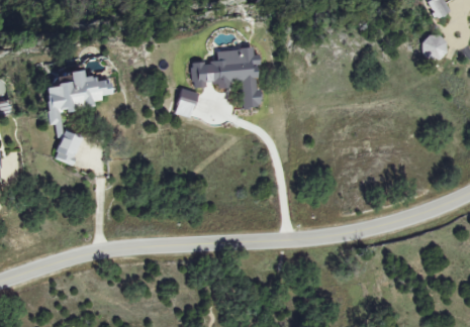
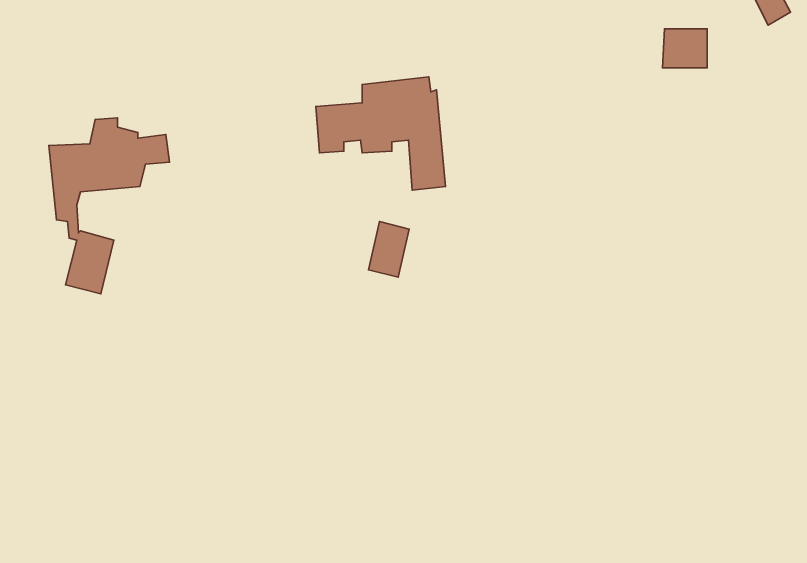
building: [422,35,447,57] -> [663,29,707,68]
building: [175,88,197,118] -> [368,222,409,277]

